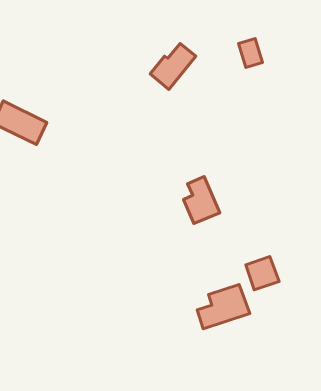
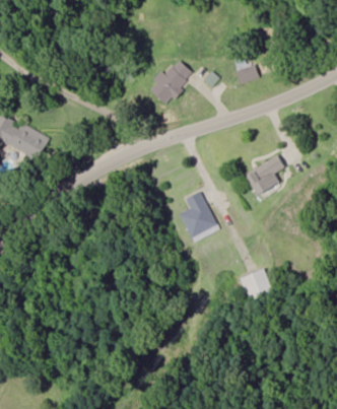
building: none -> [246,156,284,194]
building: [197,285,250,329] -> none

